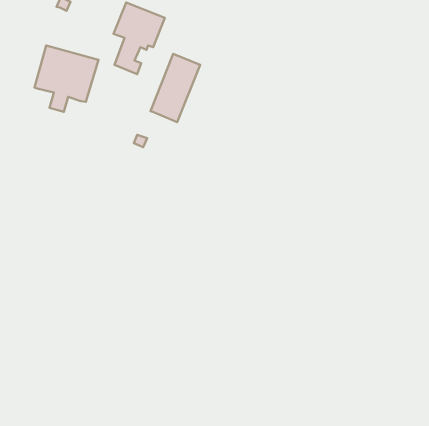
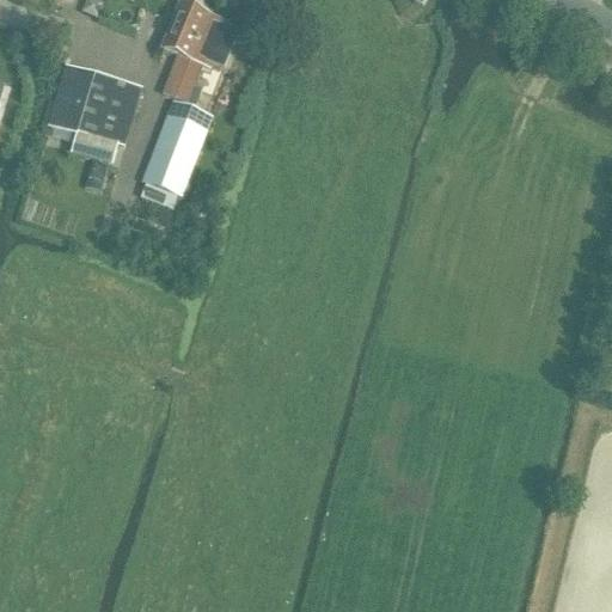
building: [150,54,200,122] -> [141,99,212,196]

